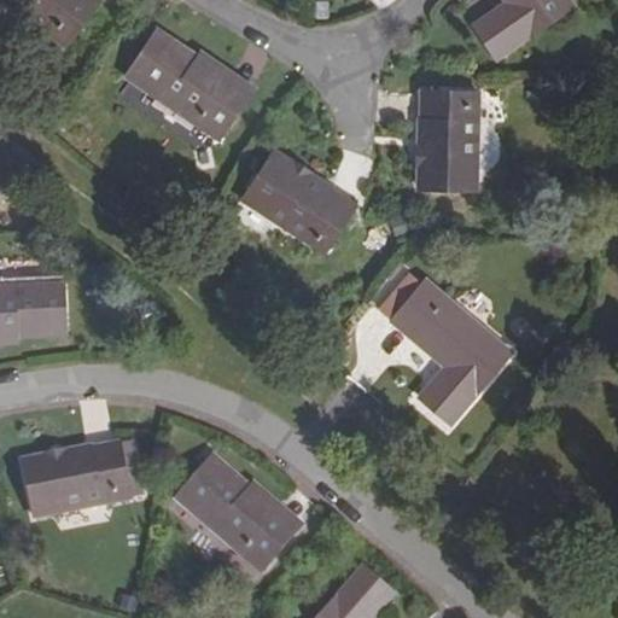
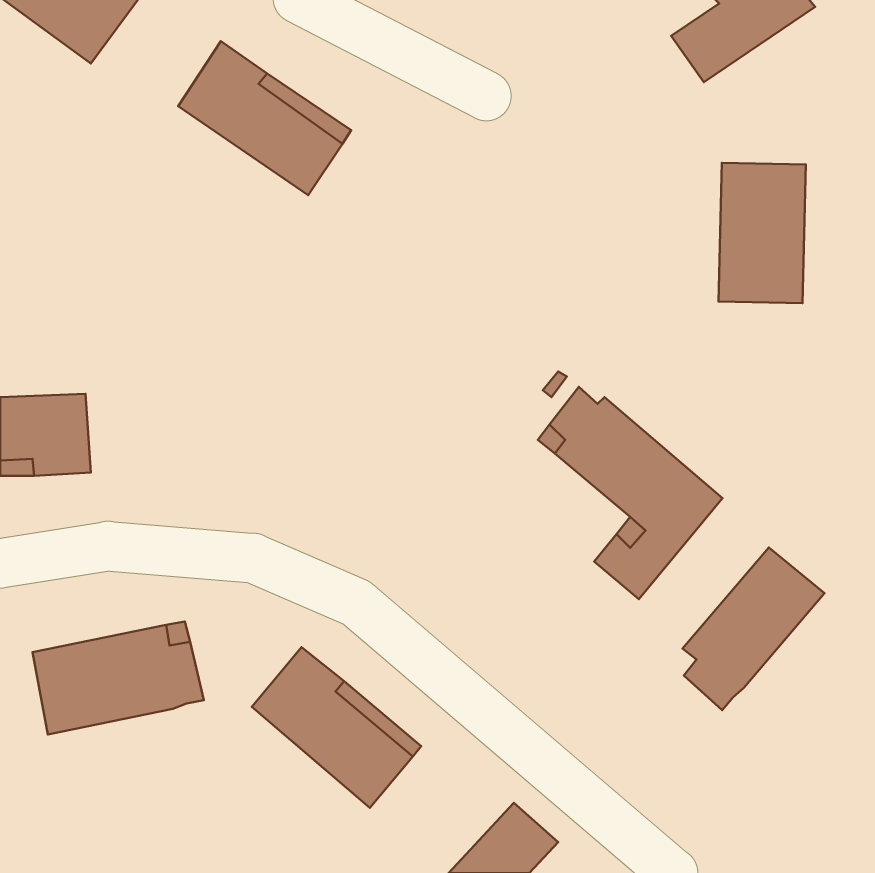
building: [416,91,478,190] -> [718,163,806,303]
building: [241,150,354,251] -> none
building: none -> [682,547,825,710]

